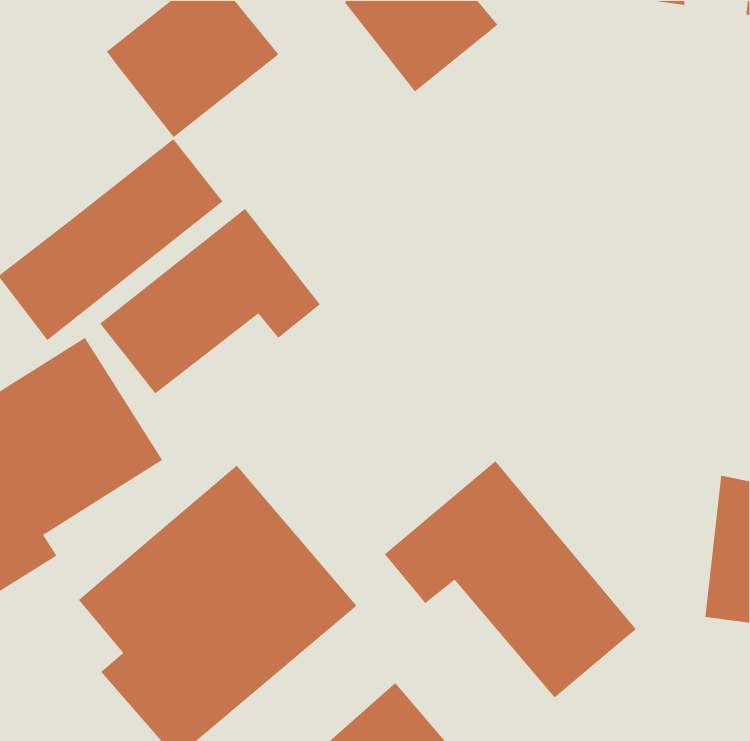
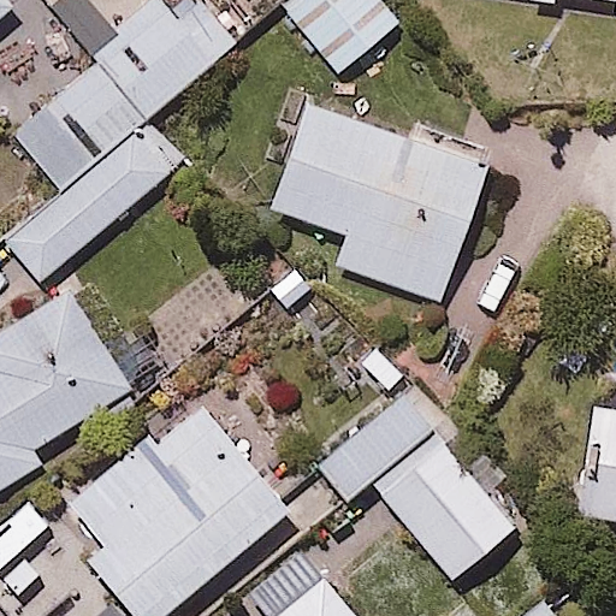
building: none -> [12,65,142,189]
building: none -> [267,101,492,308]
building: [99,208,321,395] -> none

